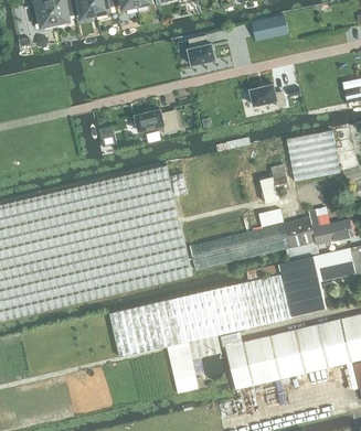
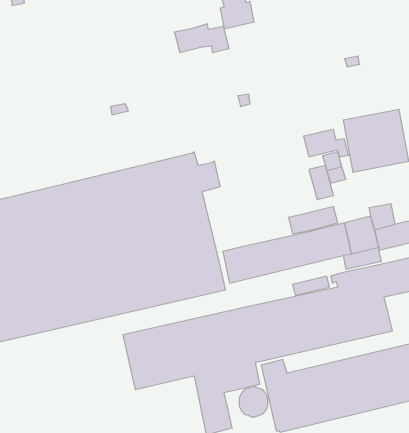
building: [248,84,285,106] -> [303,129,349,157]
building: [134,108,178,131] -> [174,24,229,53]

